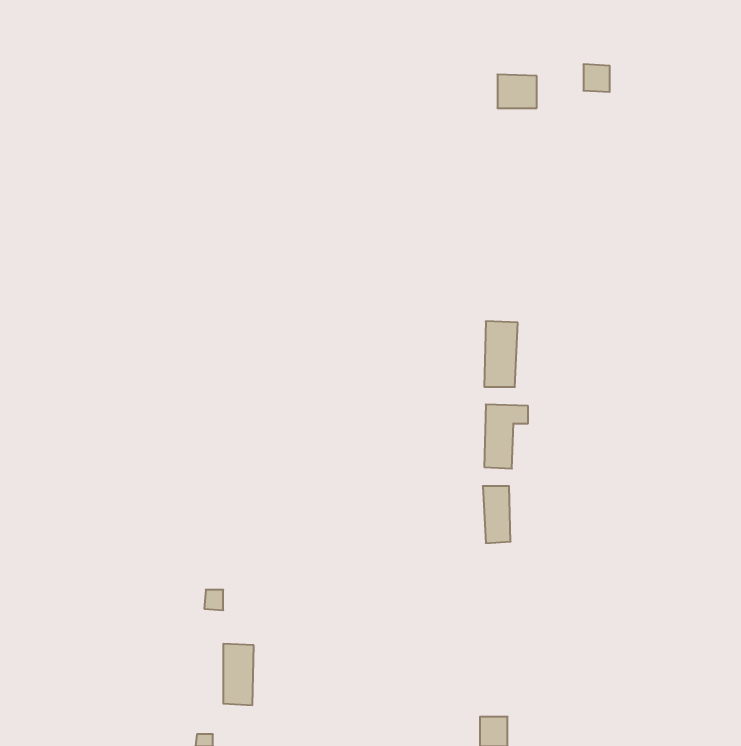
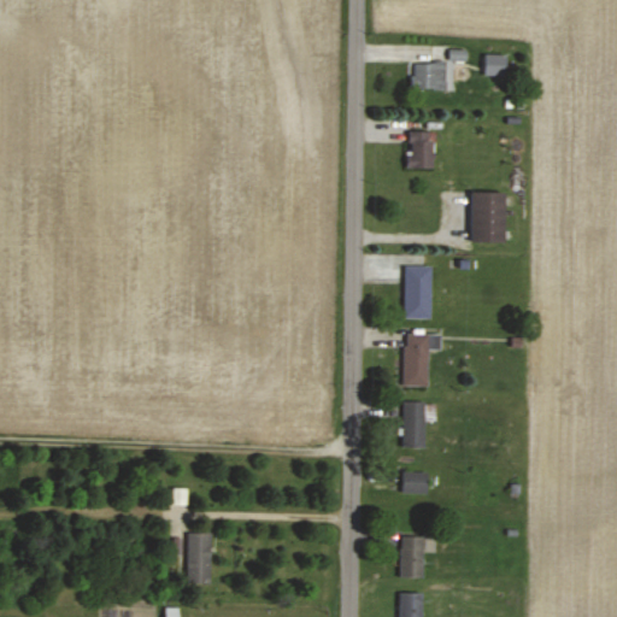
building: none -> [407,131,435,169]
building: none -> [471,193,505,242]
building: none -> [402,470,428,493]
building: none -> [400,535,424,577]

